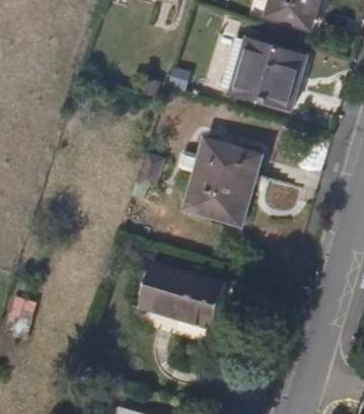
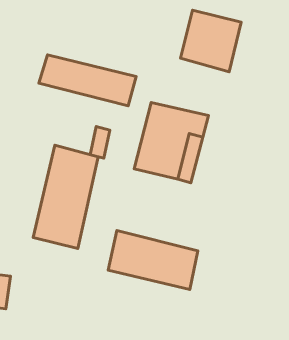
building: none -> [39,55,136,106]
building: none -> [33,145,98,249]

